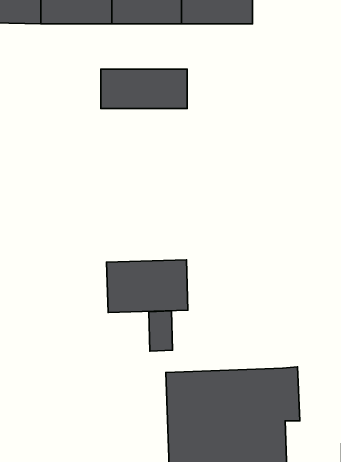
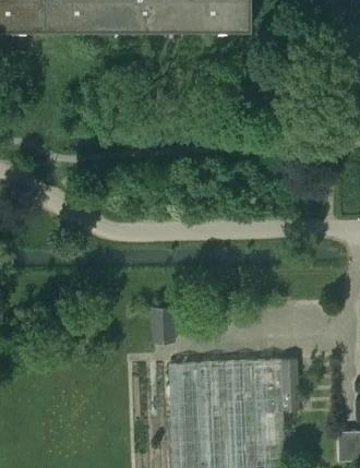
building: [101,69,187,109] -> none
building: [107,260,188,313] -> none

